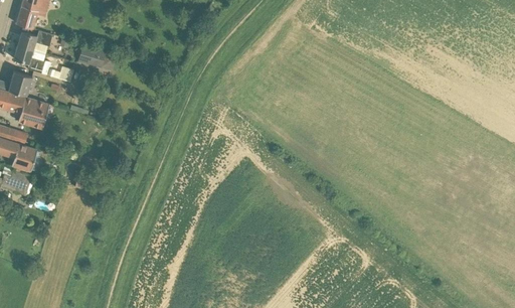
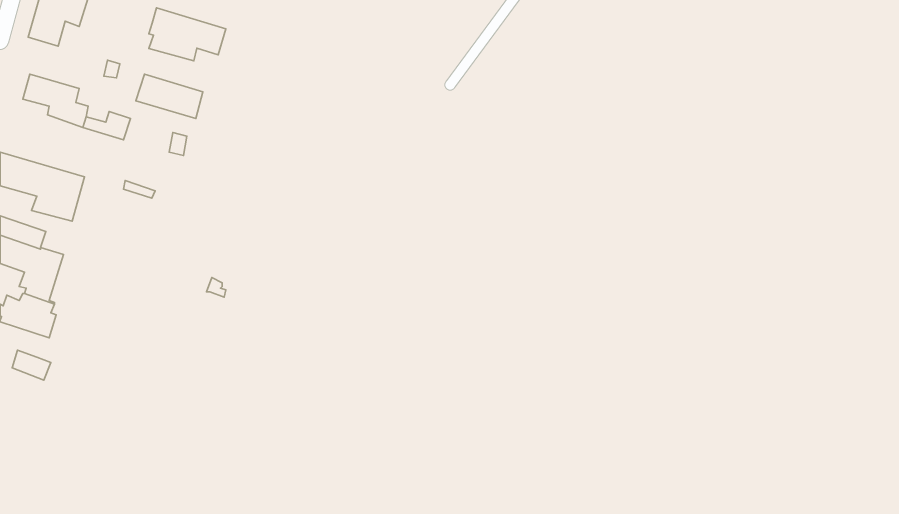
building: none -> [149,8,226,61]
building: [17,29,51,52] -> none
building: [8,70,31,95] -> none

